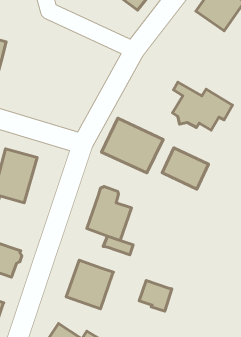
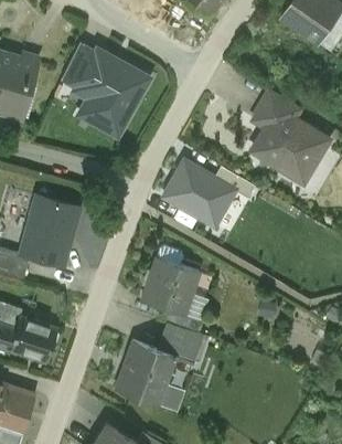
building: none -> [63,45,152,139]
building: none -> [259,89,302,128]
building: [162,148,208,189] -> none
building: [139,280,172,311] -> [160,324,202,363]

